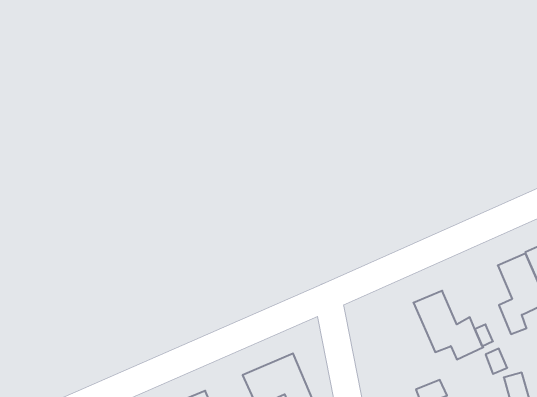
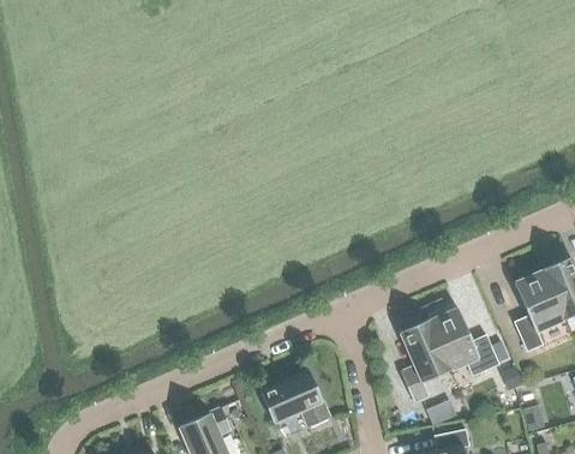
building: none -> [400,318,451,401]

